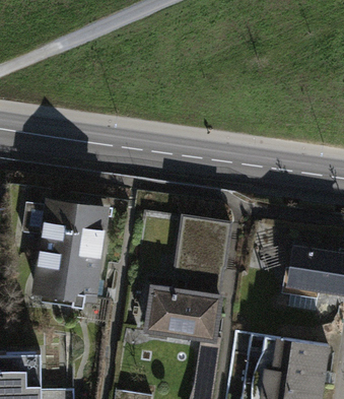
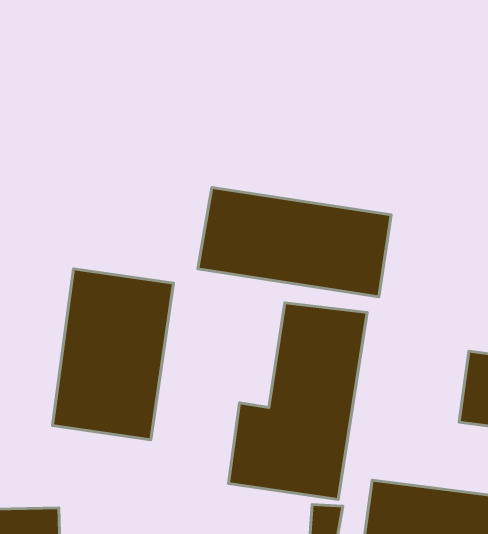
building: none -> [198,187,391,297]

